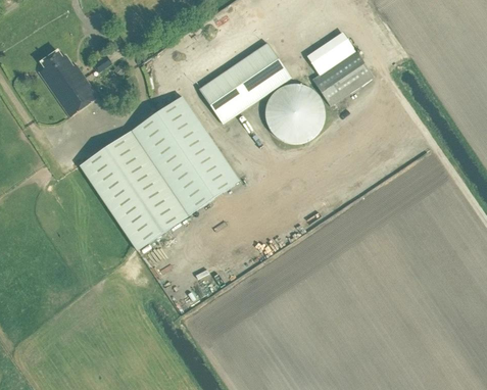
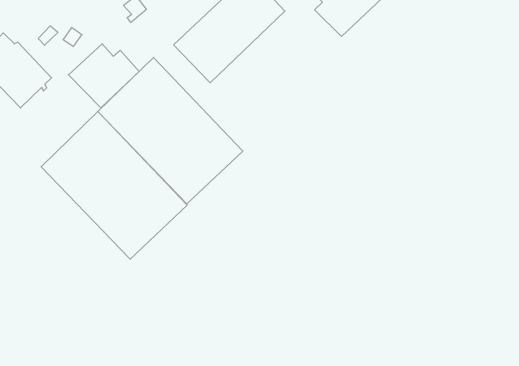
building: none -> [68,44,139,108]
building: [265,84,325,144] -> none

